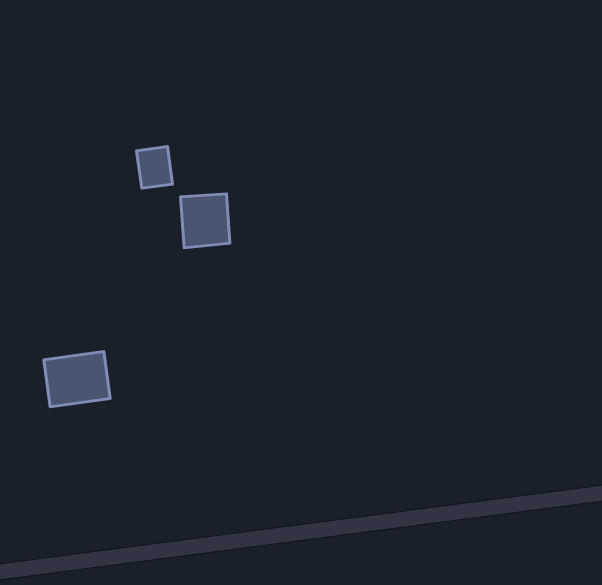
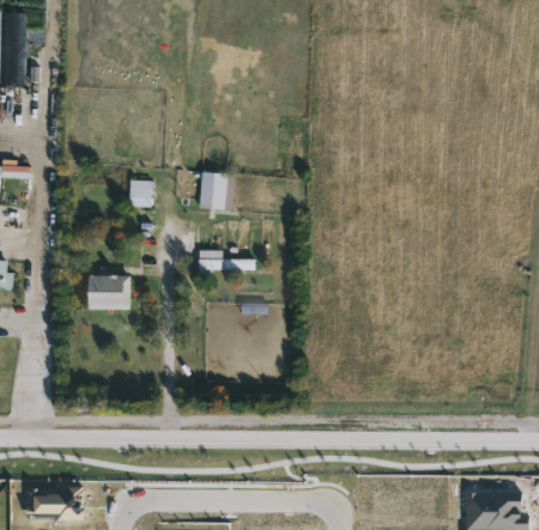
building: [137,147,173,188] -> [129,179,152,207]
building: none -> [198,250,254,270]

